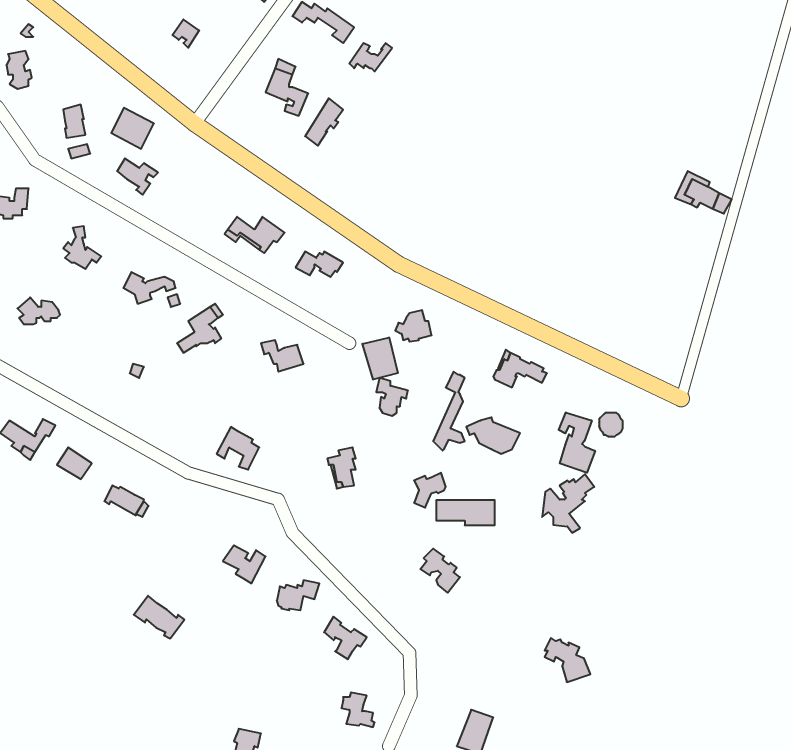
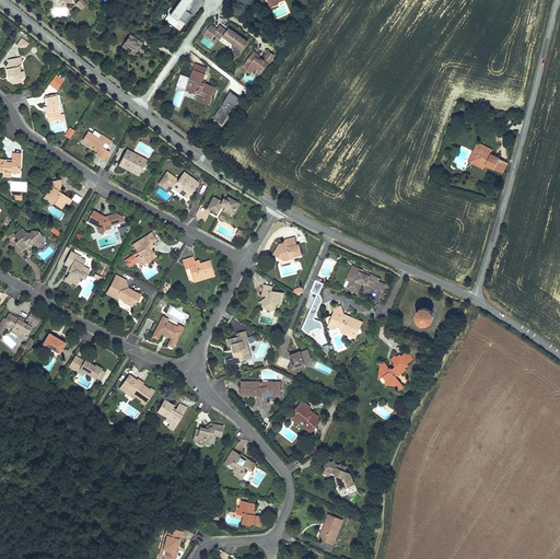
building: [111,108,154,149] -> [118,149,148,177]
building: none -> [63,253,90,286]
building: [362,337,398,380] -> none
building: none -> [106,276,138,305]
building: [559,412,595,473] -> none
building: [436,500,495,525] -> [241,382,281,399]
building: [134,596,184,638] -> [119,375,154,405]
building: [545,638,590,682] -> [324,461,355,491]

